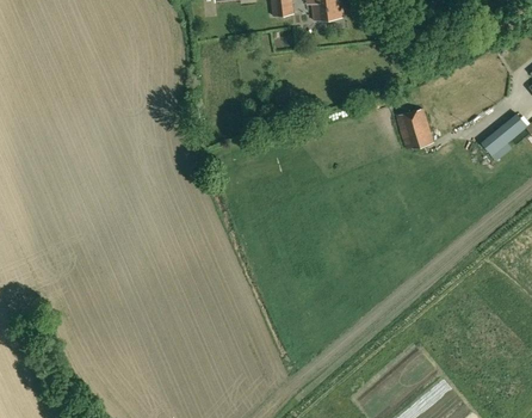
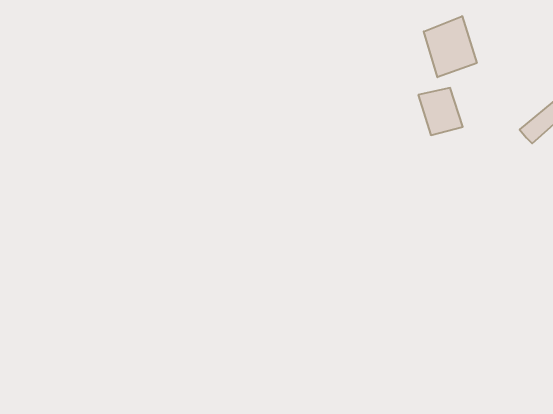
building: none -> [424,16,477,77]

